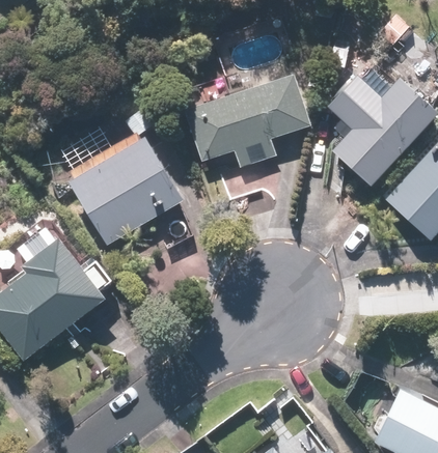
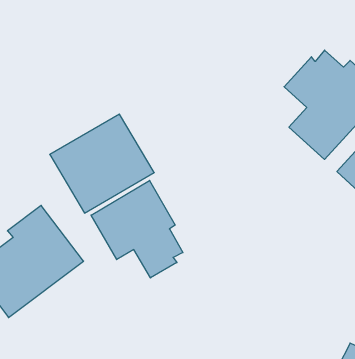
building: [190,75,310,167] -> none
building: none -> [91,180,183,278]

